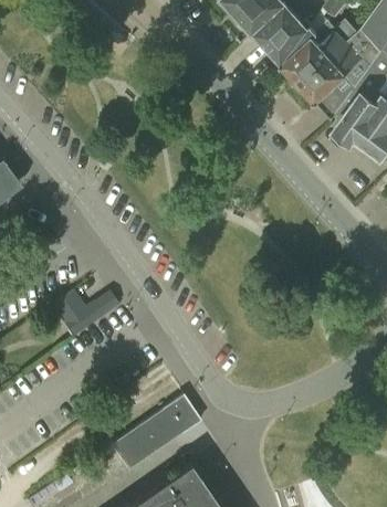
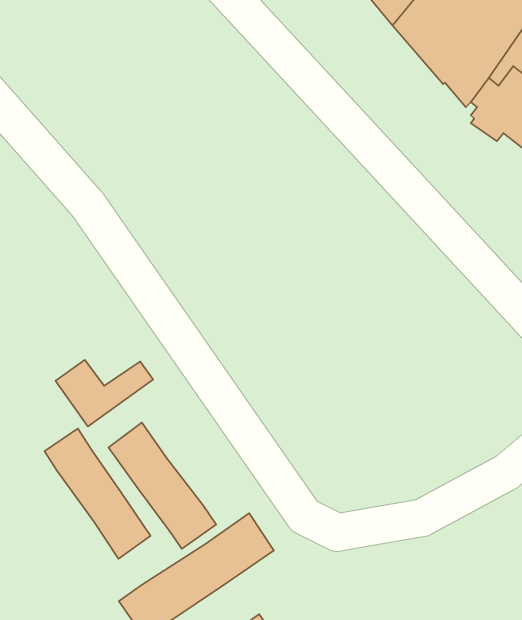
building: none -> [109,423,216,549]
building: none -> [44,429,151,559]

